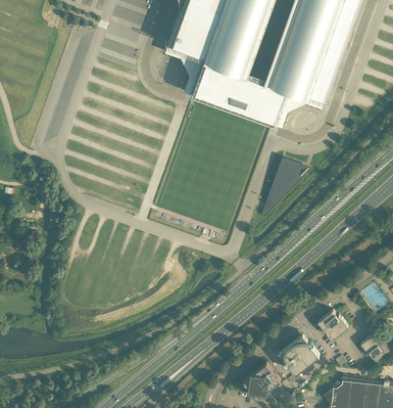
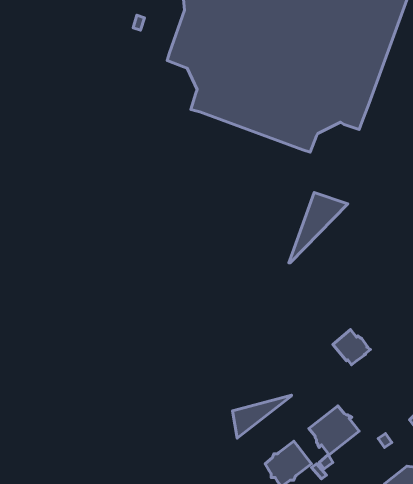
building: [318,311,349,339] -> [333,330,370,365]
building: none -> [233,395,291,438]

